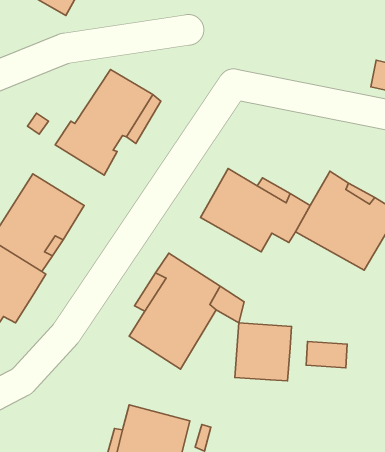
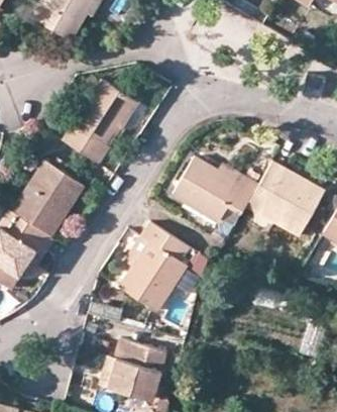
building: [235,323,291,381] -> none

